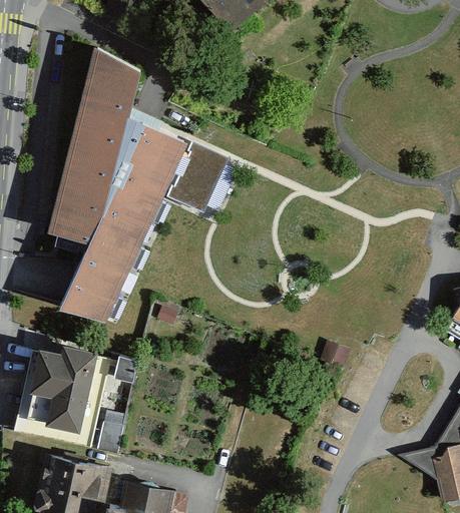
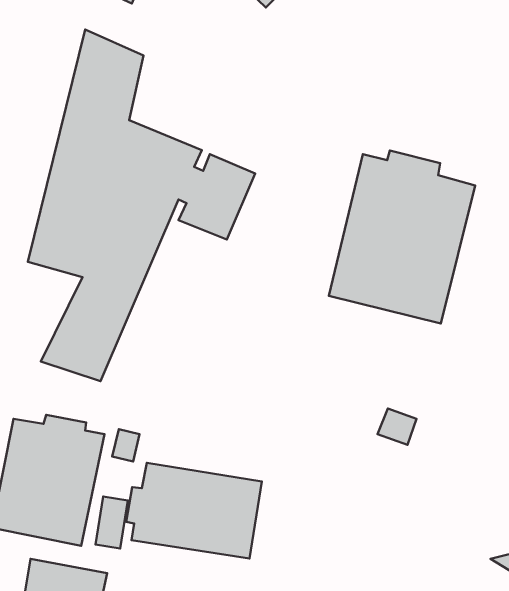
building: none -> [329,151,475,324]
building: none -> [126,463,262,559]

